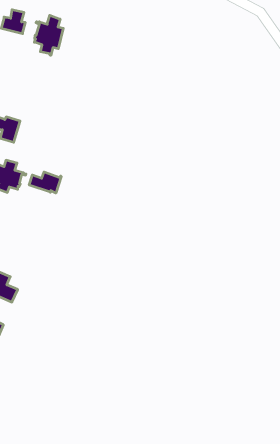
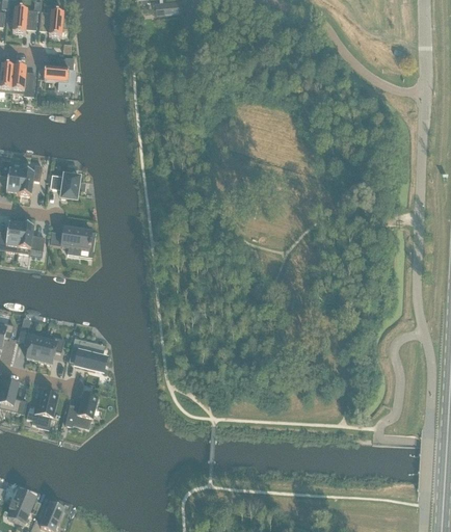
building: [34,15,63,55] -> none
building: [29,172,61,193] -> none

